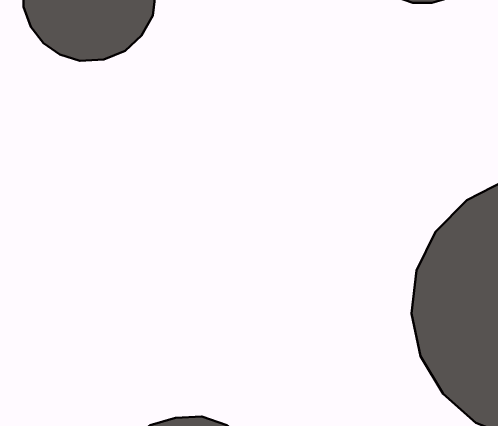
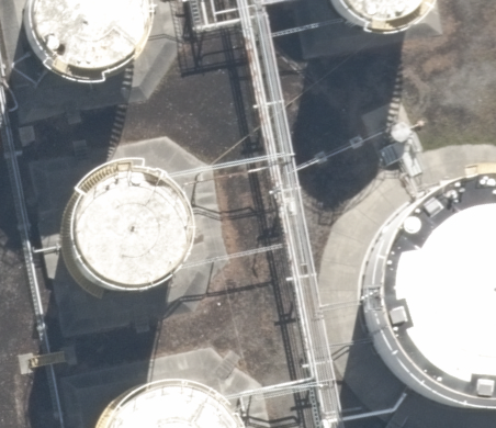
building: none -> [76,173,192,288]

